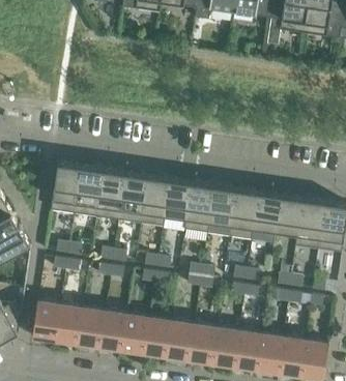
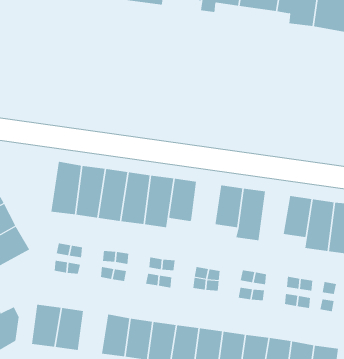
building: [184,182,213,233] -> none
building: [252,192,280,233] -> none
building: [77,306,105,348] -> none

